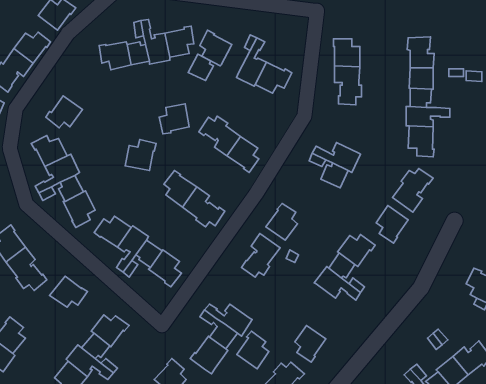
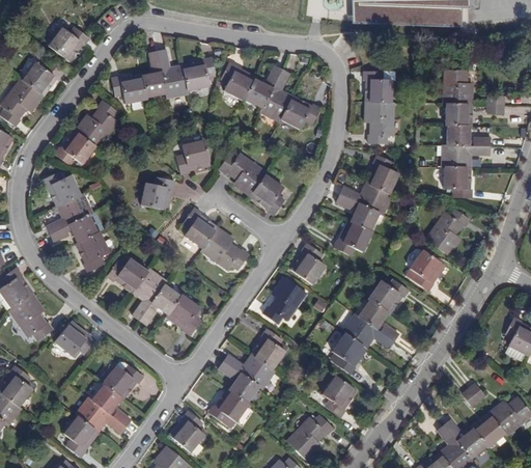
building: [188,54,213,80] -> [243,78,270,106]
building: none -> [74,103,114,145]
building: none -> [366,154,399,192]
building: none -> [335,219,372,254]
building: none -> [331,332,365,374]
building: [237,331,269,369] -> [252,329,286,369]

